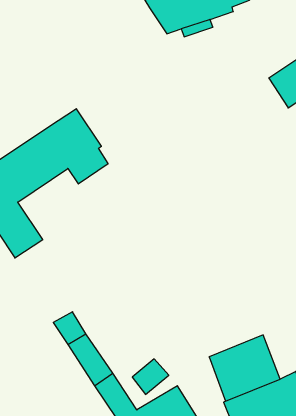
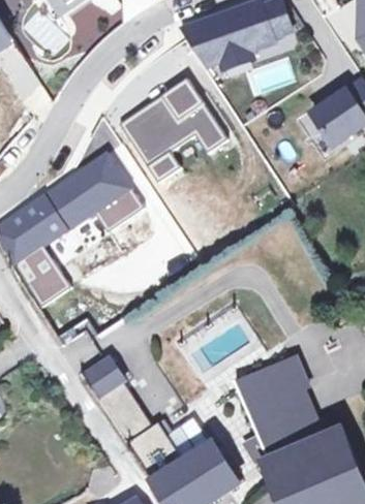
building: none -> [119,77,226,180]
building: none -> [236,356,310,412]

